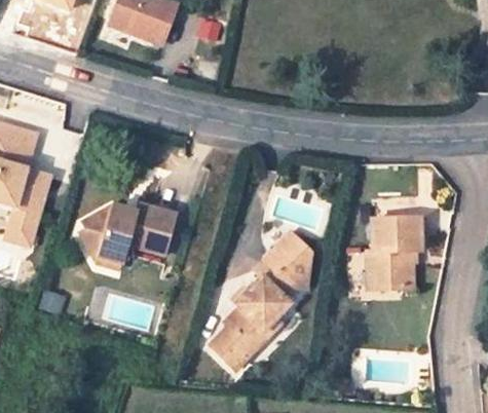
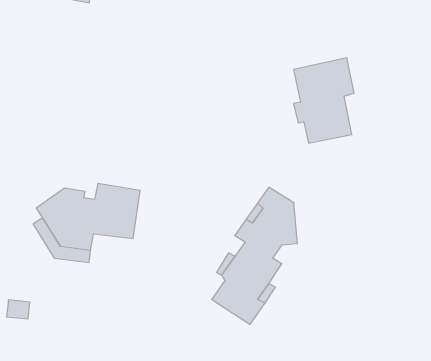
building: [367,220,421,289] -> [294,58,354,143]
building: [211,328,253,369] -> none

